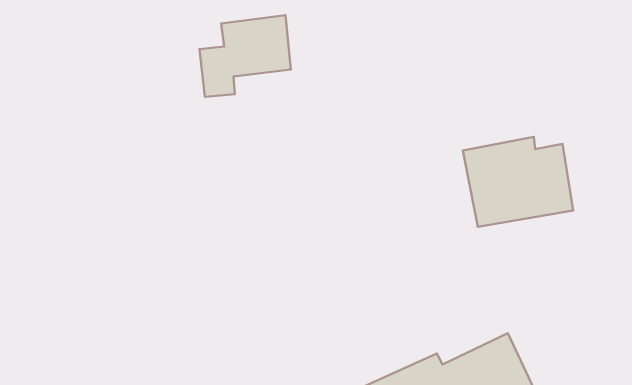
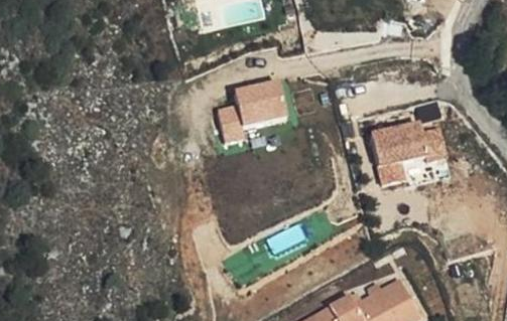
building: [199,15,291,97] -> [218,83,285,143]

